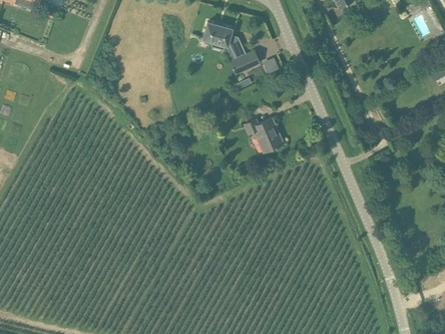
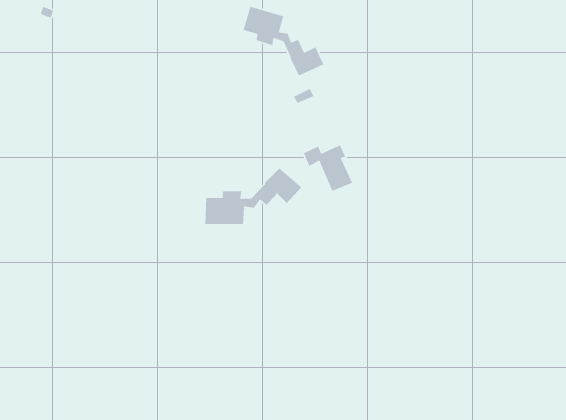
building: none -> [205,168,302,225]

